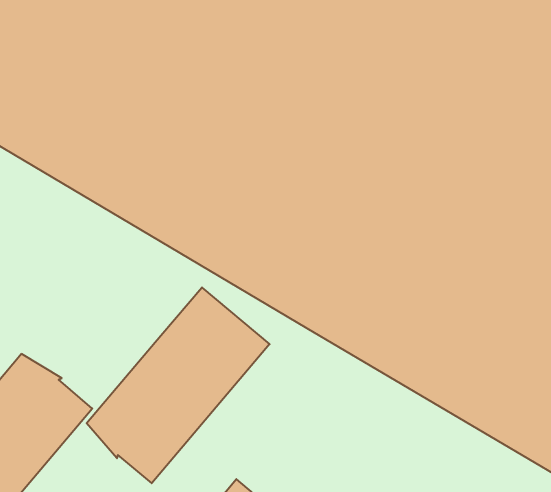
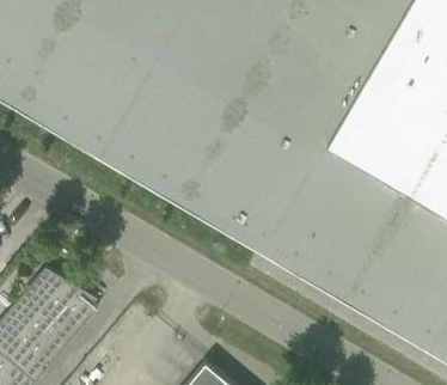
building: [87,287,270,483] -> none

